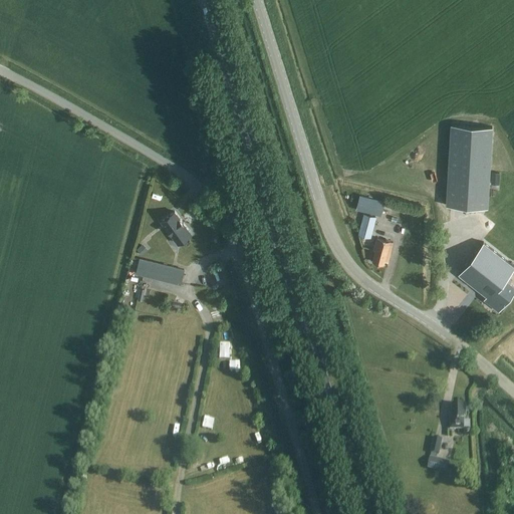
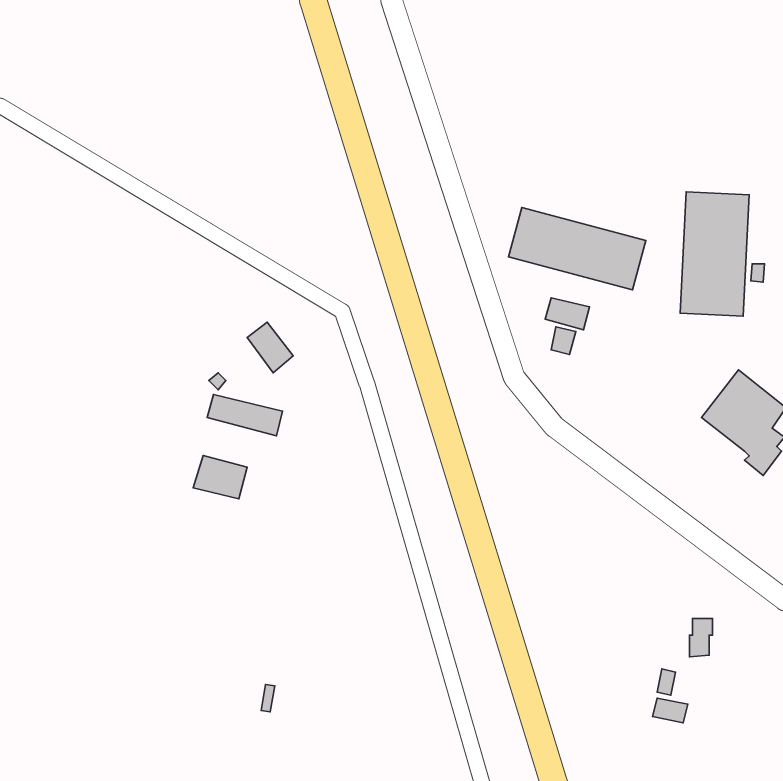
building: none -> [509,207,646,290]
building: [373,240,395,266] -> none
building: none -> [193,455,247,499]

